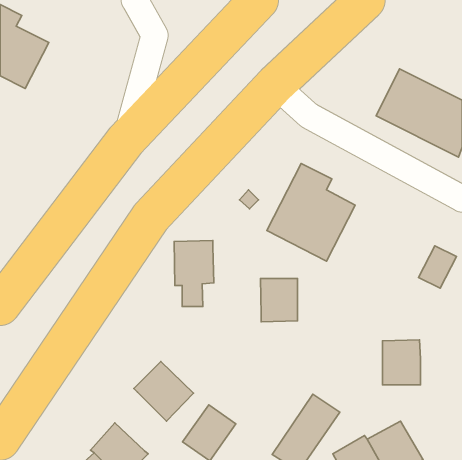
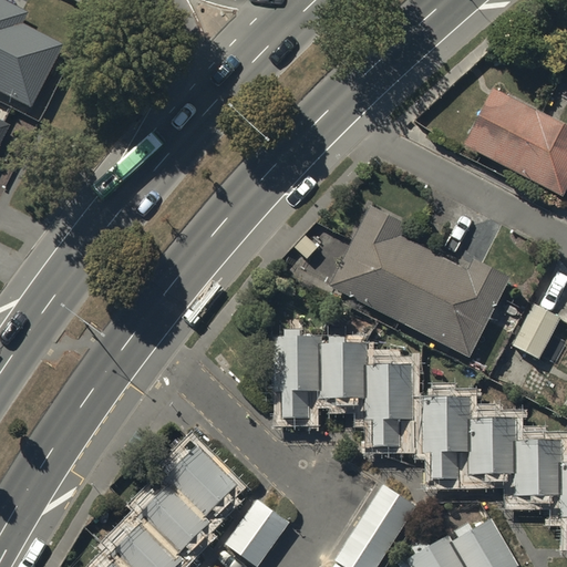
building: none -> [400,254,509,357]
building: [174,240,214,306] -> [271,336,320,416]
building: none -> [364,363,413,446]
building: none -> [422,398,468,478]
building: none -> [515,442,560,495]
building: none -> [136,483,208,555]

